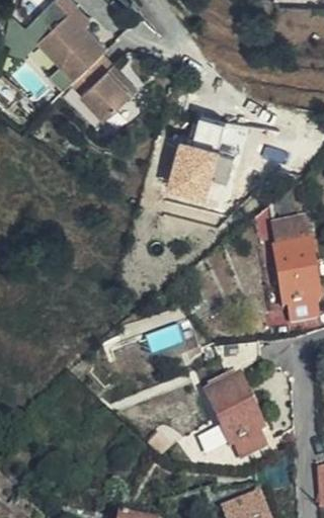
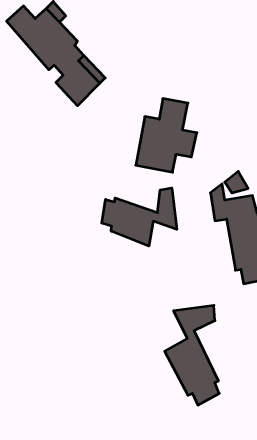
building: none -> [102,188,177,246]

